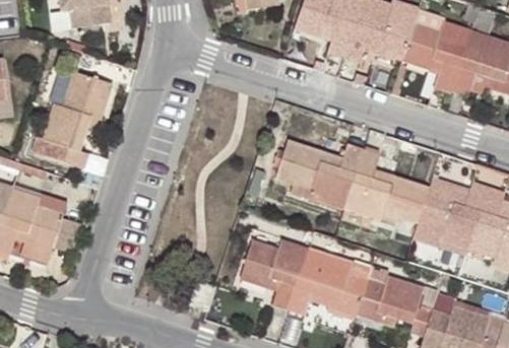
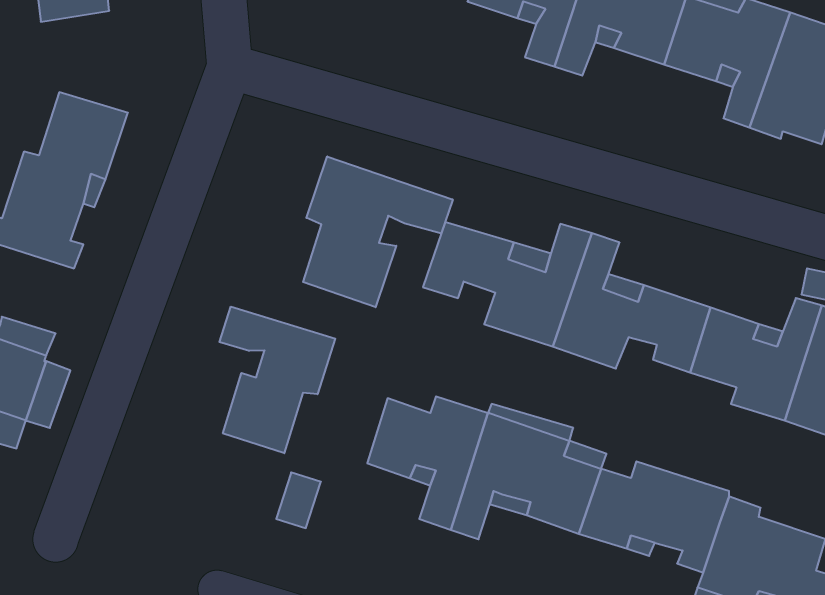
building: none -> [303,156,453,307]
building: none -> [219,307,335,453]

